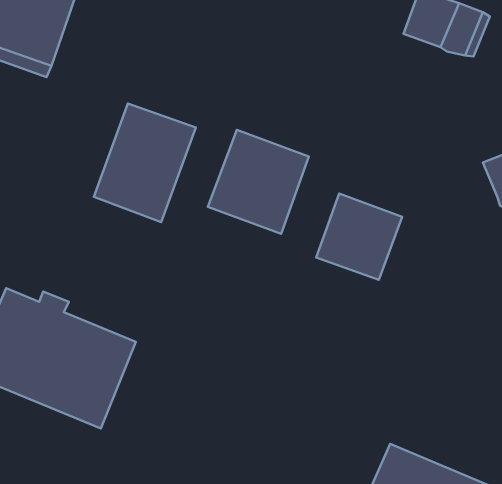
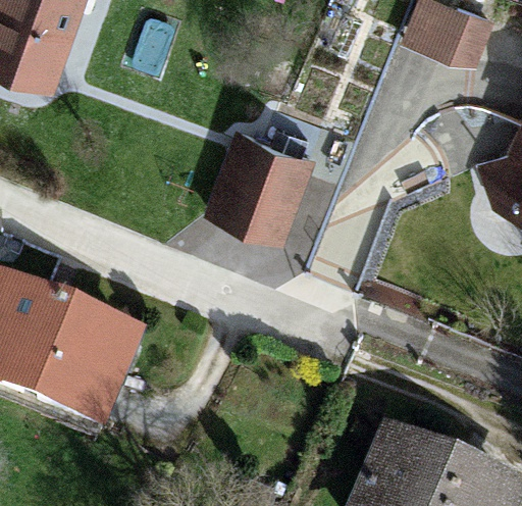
building: [94,103,196,222] -> none
building: [316,194,402,280] -> none

